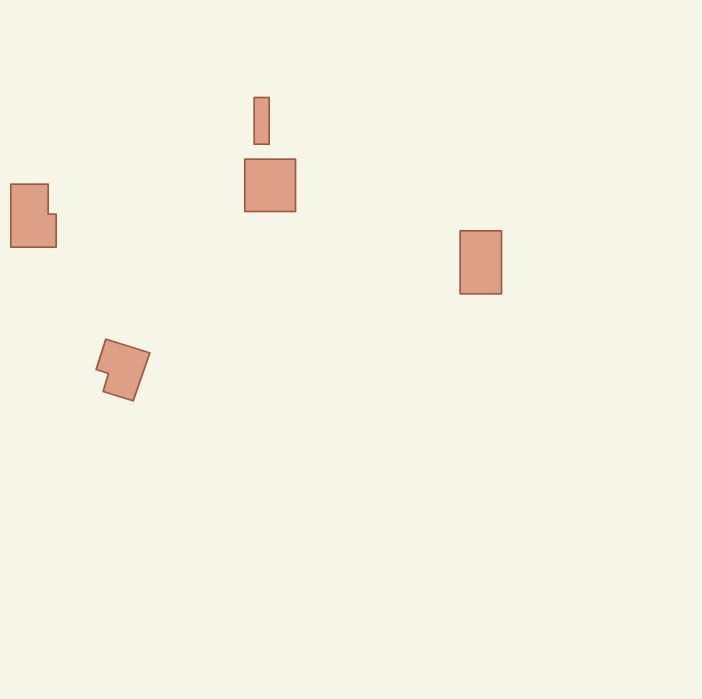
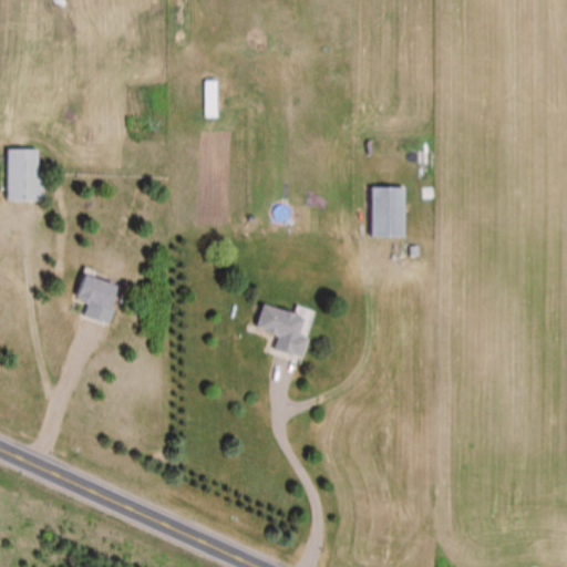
building: [245,159,296,212] -> none
building: none -> [257,303,309,357]

